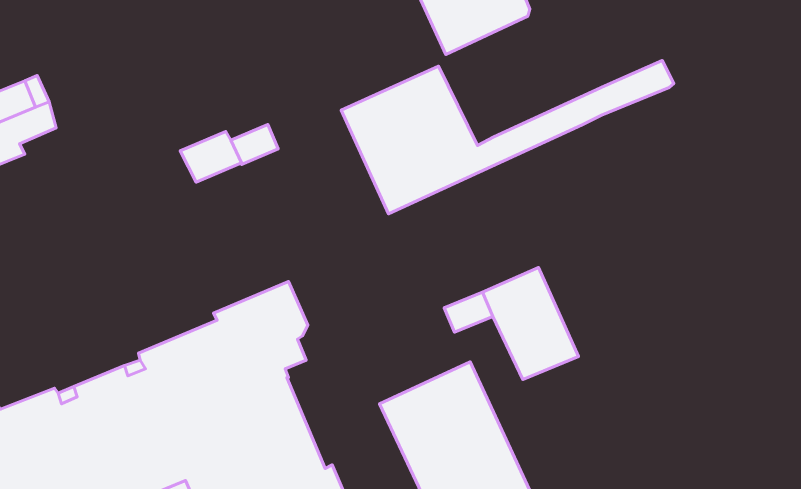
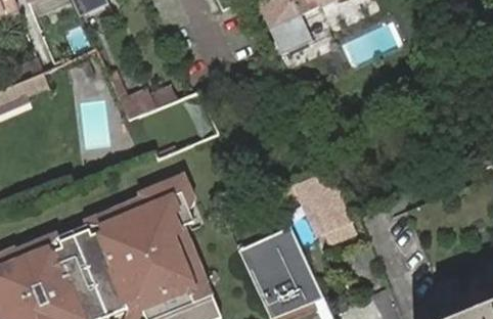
building: [341,60,674,214] -> none

